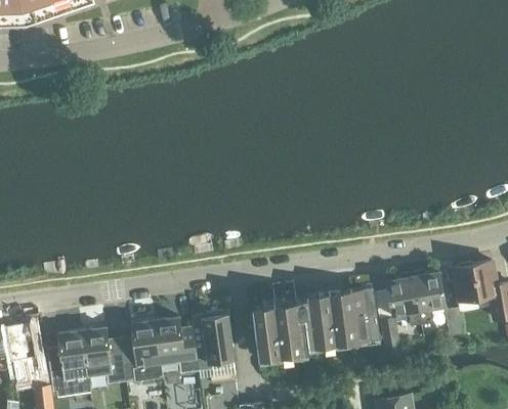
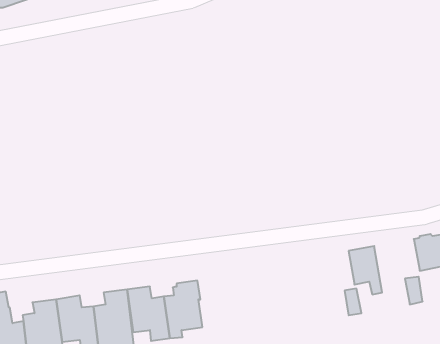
building: [412,271,444,323] -> none
building: [252,287,380,355] -> none

